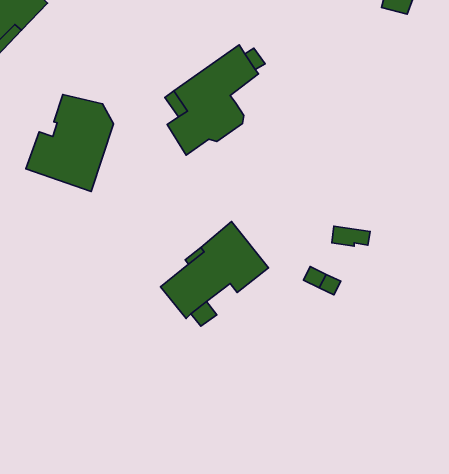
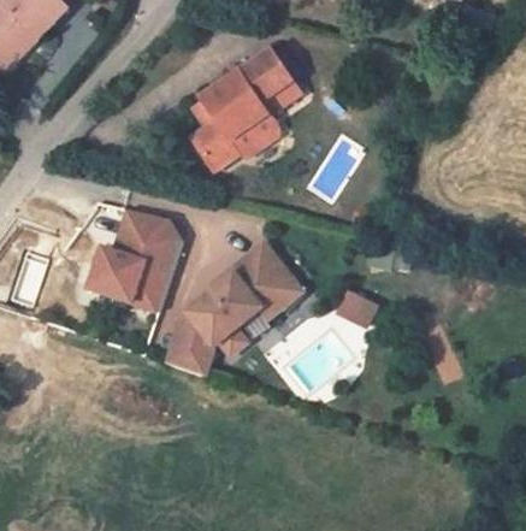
building: [26,95,114,192] -> [87,210,181,313]
building: none -> [165,308,213,376]

